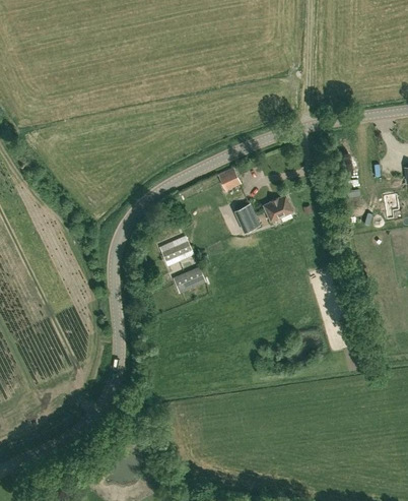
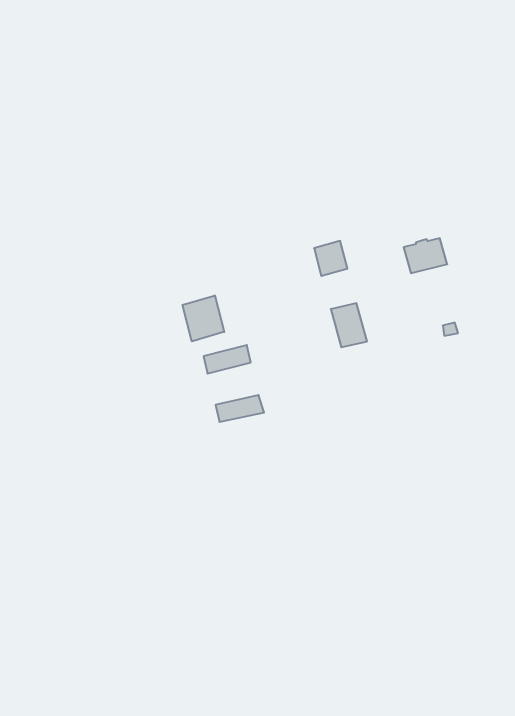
building: [264,196,292,221] -> [404,238,447,273]
building: none -> [182,295,224,341]

